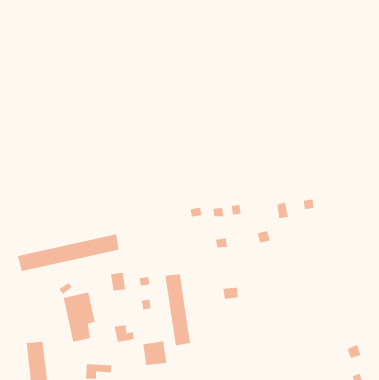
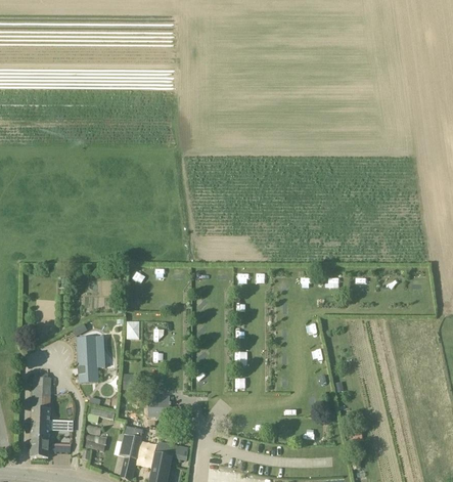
building: [17,234,119,272] -> none
building: [165,274,190,346] -> none

